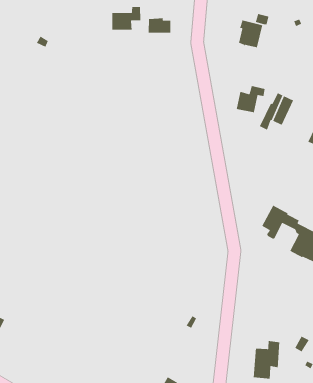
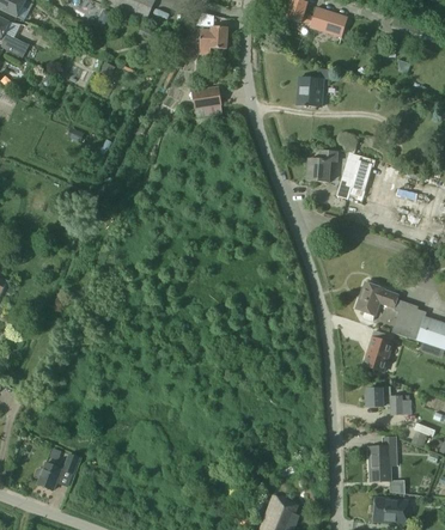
building: [111,6,141,30] -> none
building: none -> [362,336,389,370]
building: none -> [365,385,410,414]

